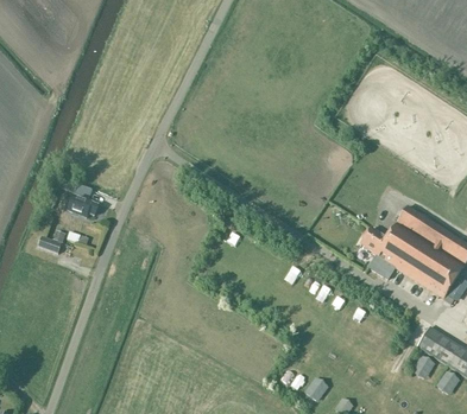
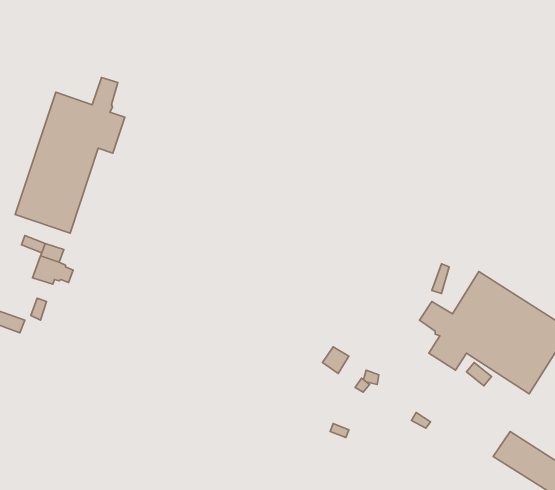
building: none -> [15,78,125,233]

